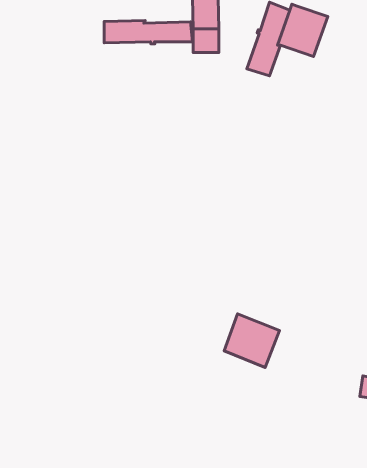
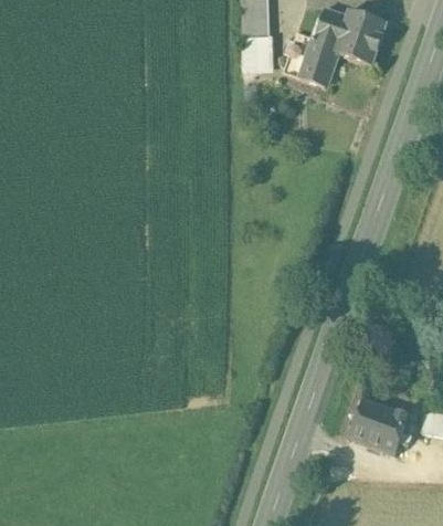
building: [104,20,192,44] -> none
building: [224,314,280,367] -> [350,397,410,454]

